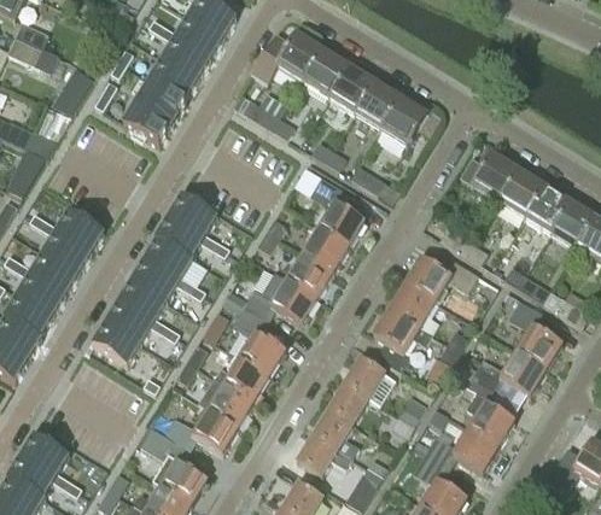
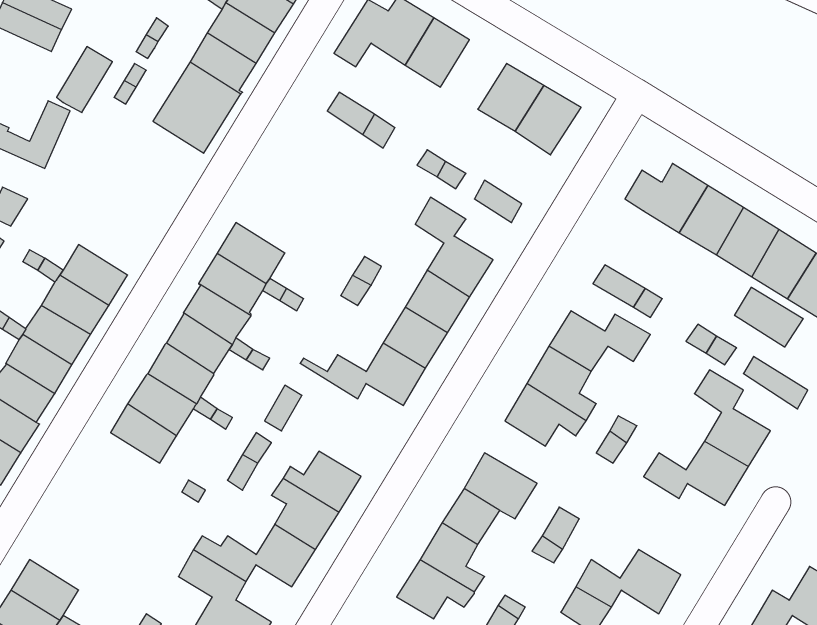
building: [327,63,374,112] -> none
building: none -> [735,287,803,347]
building: [222,293,285,374] -> none
building: [460,374,514,444] -> none

